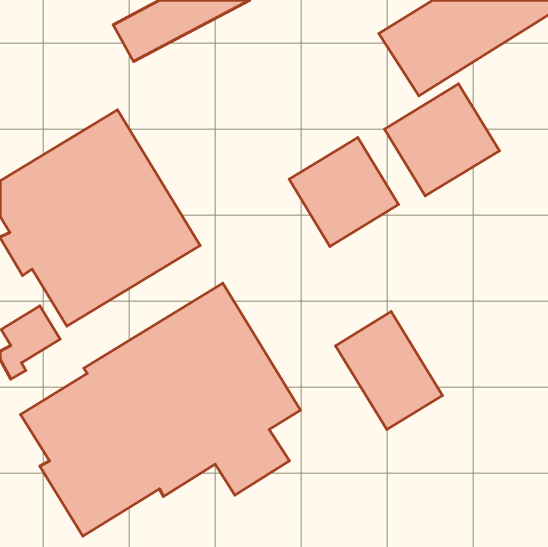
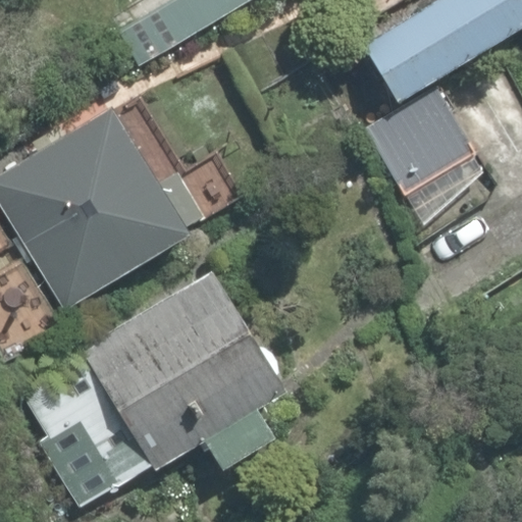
building: [289,137,398,246] -> none
building: [336,312,442,430] -> none

